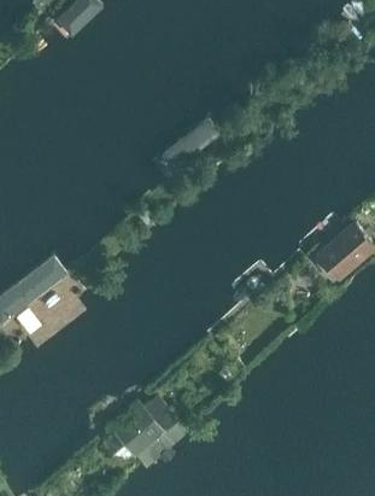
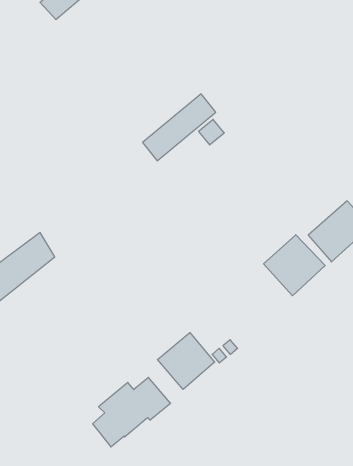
building: none -> [264,235,325,296]
building: none -> [157,333,215,389]

